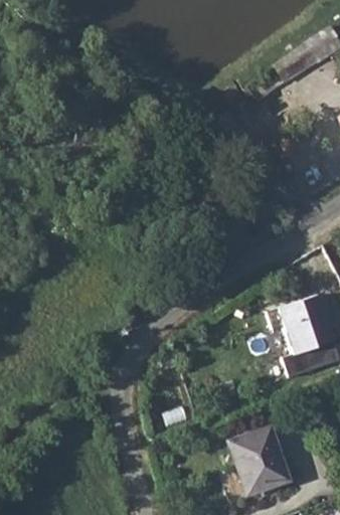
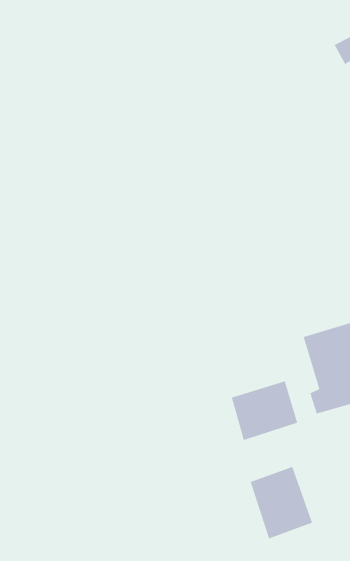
building: none -> [231,381,298,441]

